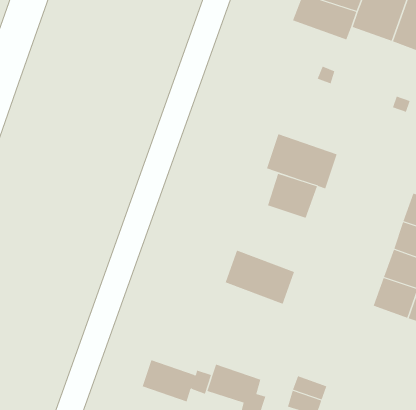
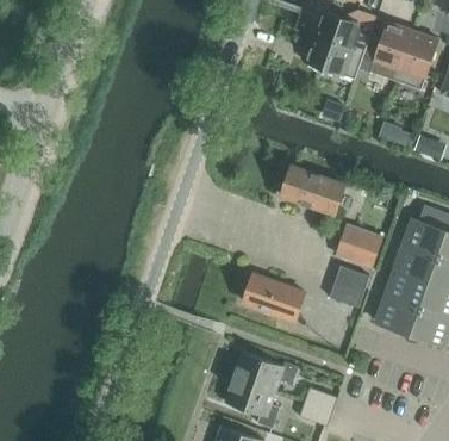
building: [267,173,318,219] -> [336,224,382,266]
building: none -> [329,265,369,308]
building: [142,359,212,402] -> [233,352,298,391]

